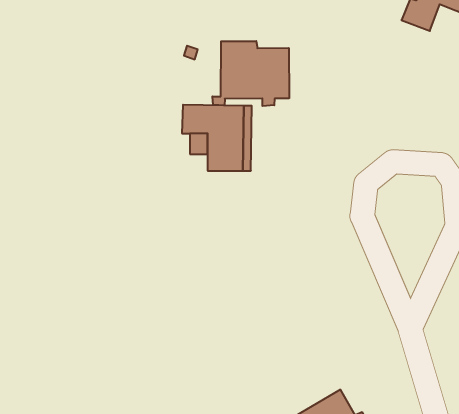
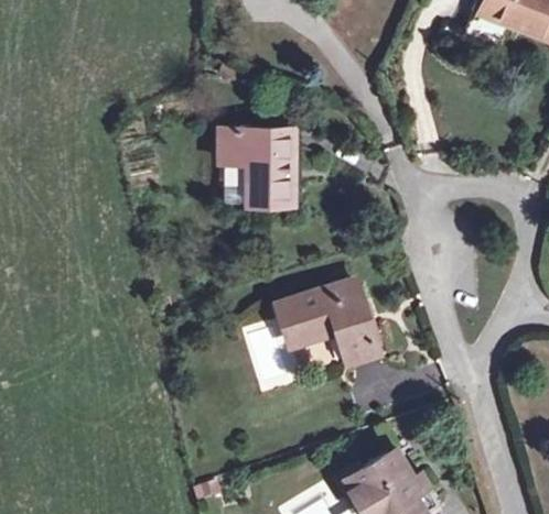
building: [212,41,289,106] -> none
building: none -> [278,281,376,361]

